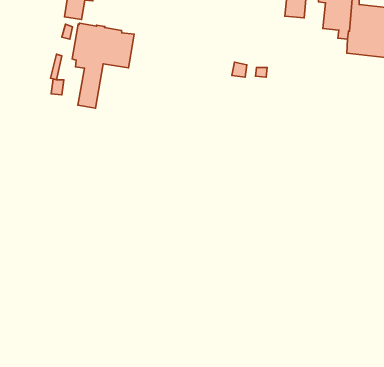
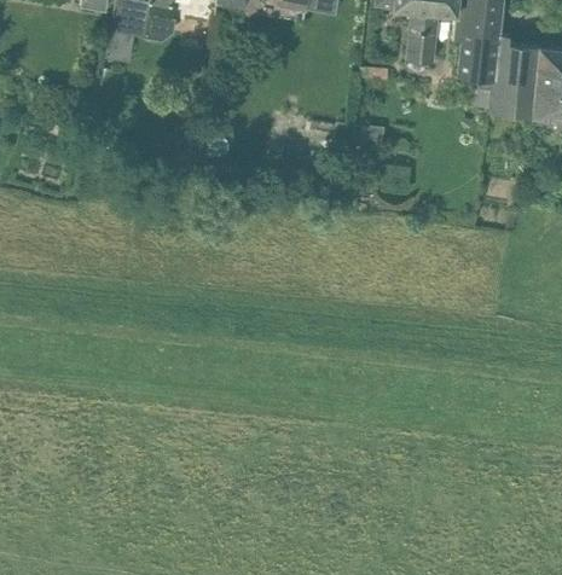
building: [72,23,134,108] -> none

